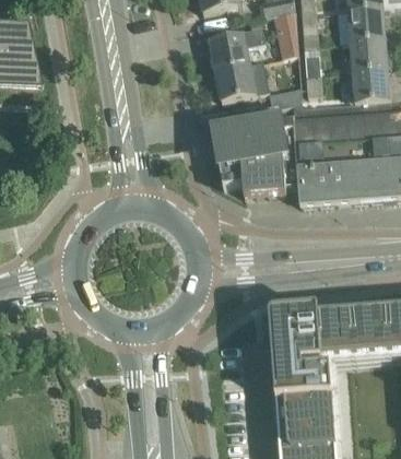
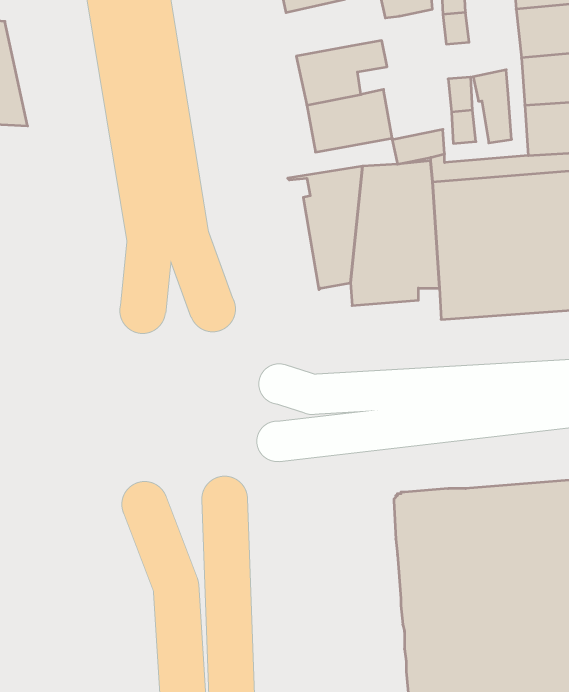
building: [272,9,296,55] -> [473,70,512,143]

